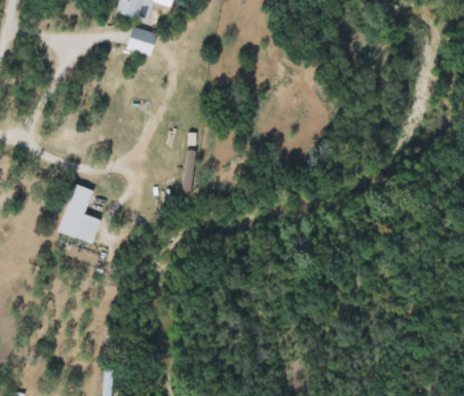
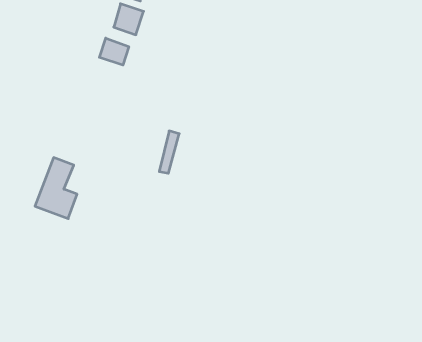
building: none -> [99,38,129,65]

